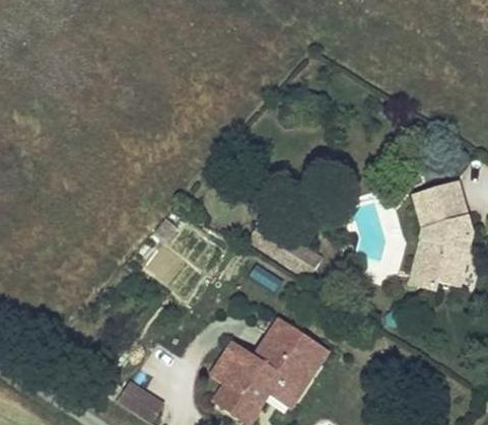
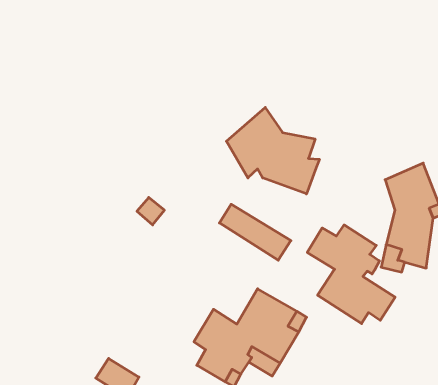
building: none -> [226,107,319,194]
building: none -> [307,225,395,324]

